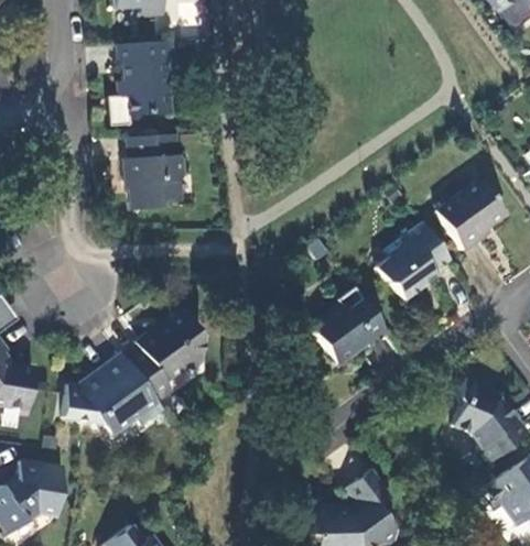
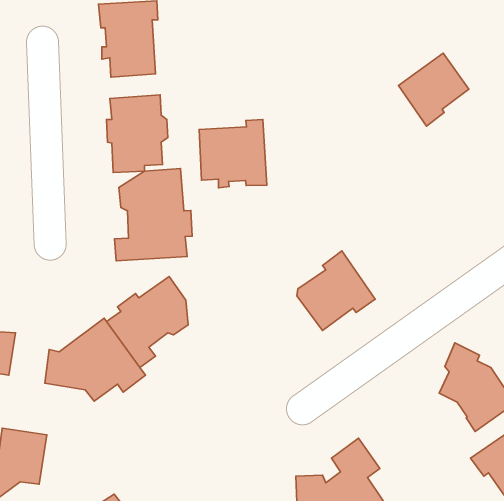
building: none -> [199,120,267,188]
building: [435,179,505,251] -> [398,53,469,126]
building: none -> [114,169,192,261]
building: [376,221,451,301] -> none

